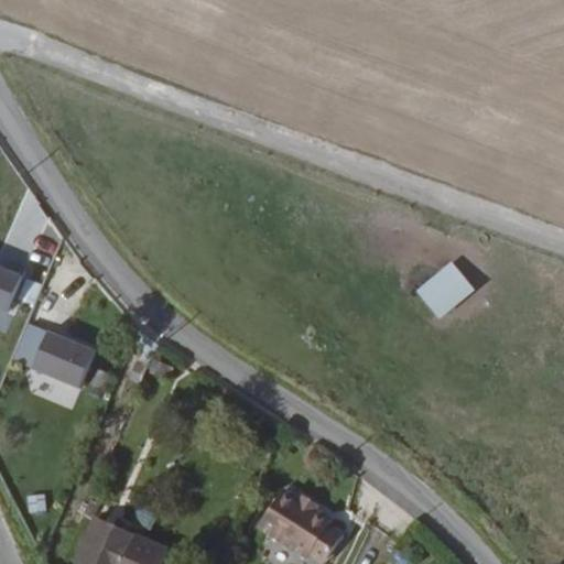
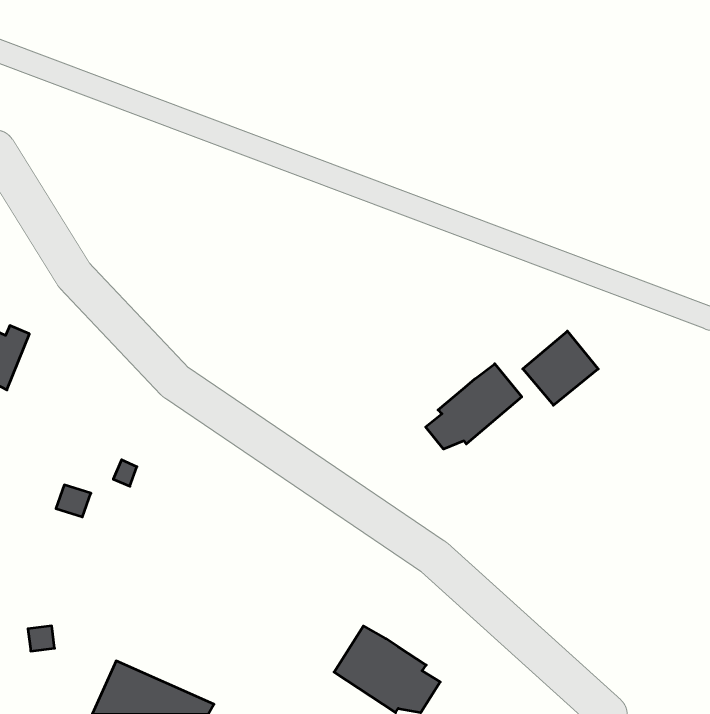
building: none -> [426,364,522,449]
building: [32,325,94,382] -> none

